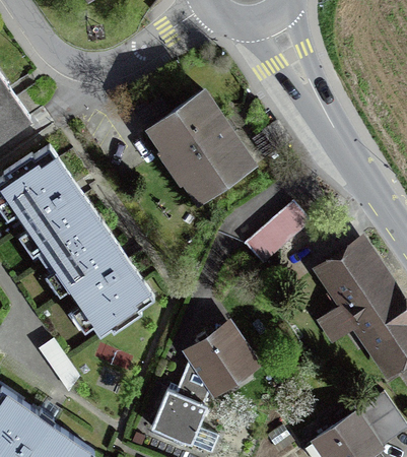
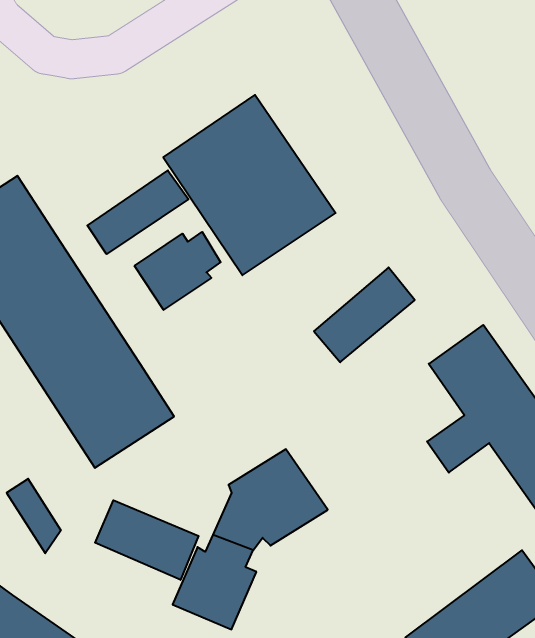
building: none -> [87,170,188,254]
building: none -> [135,232,221,310]
building: none -> [95,500,199,580]

